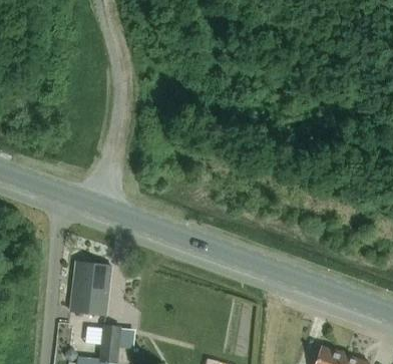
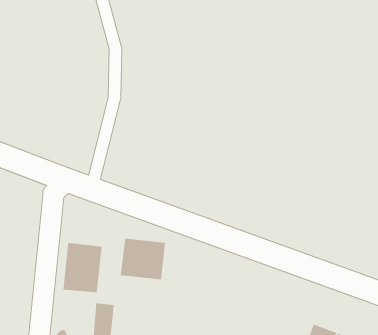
building: none -> [120,238,165,280]

